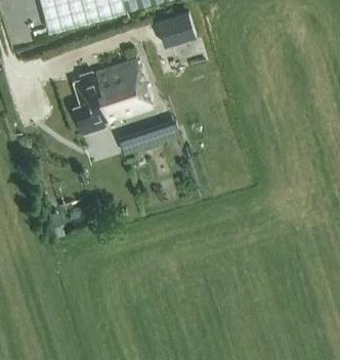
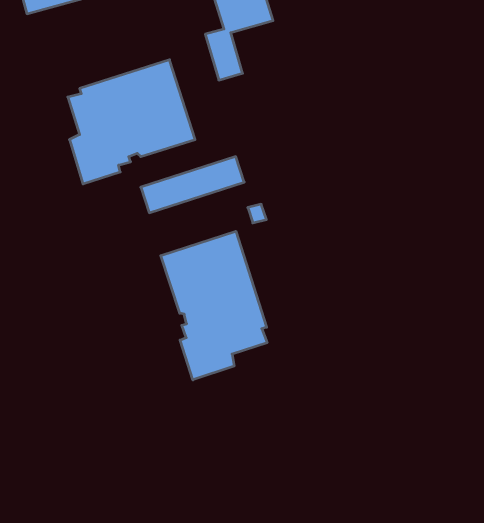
building: none -> [161,231,267,380]

